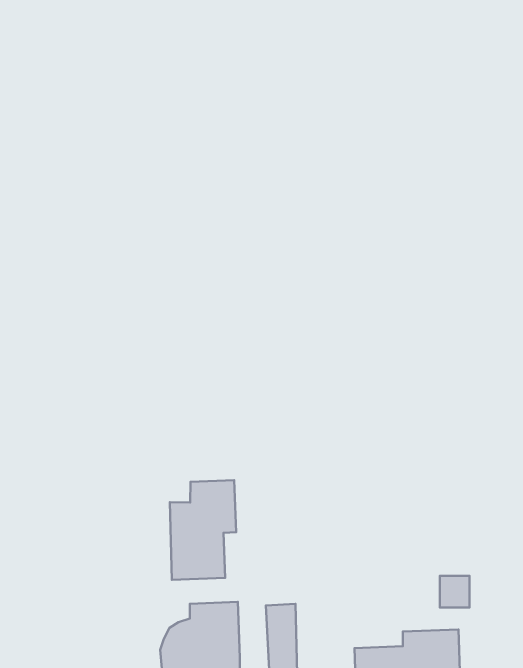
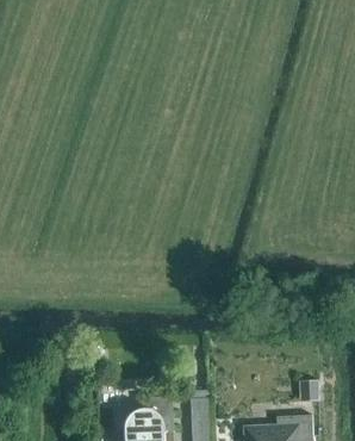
building: [170,480,236,580] -> none

